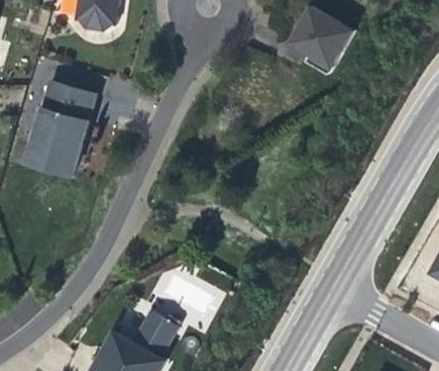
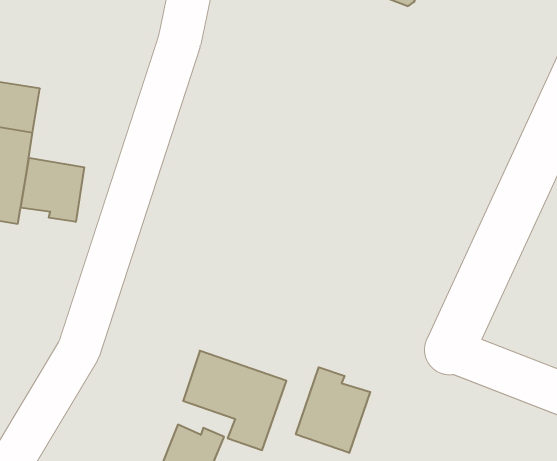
building: none -> [21,158,84,222]
building: none -> [296,367,370,453]

